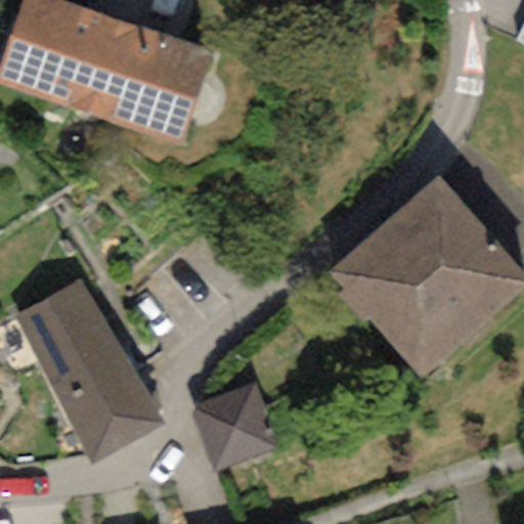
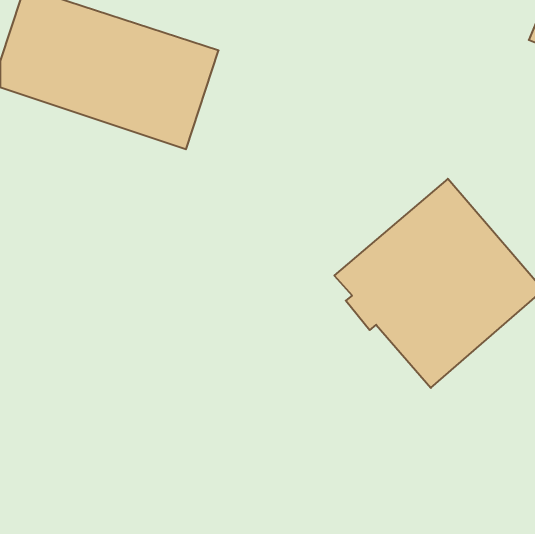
building: [14,277,164,462] -> none
building: [191,381,277,469] -> none

